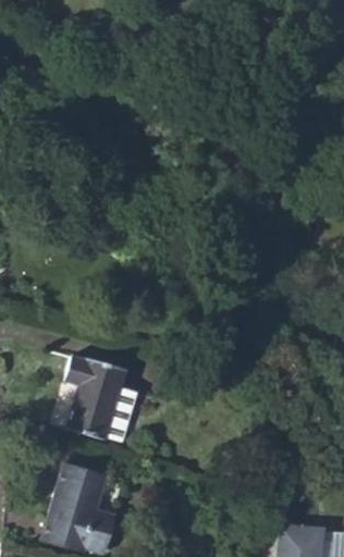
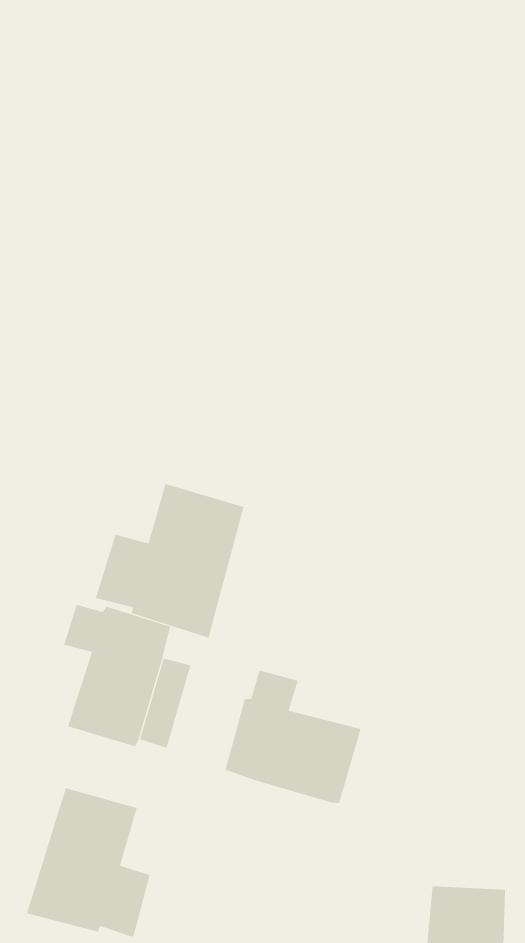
building: none -> [95,483,244,639]
building: none -> [225,670,361,804]

